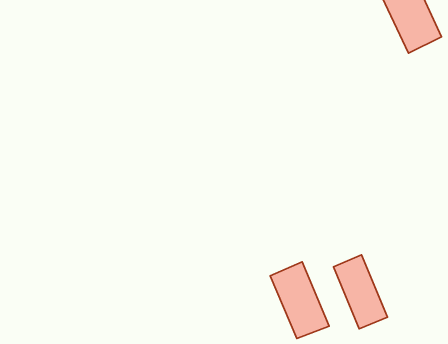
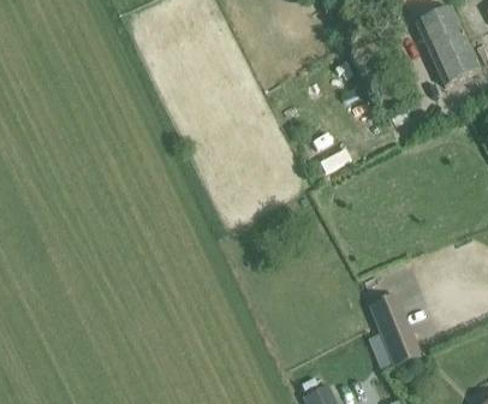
building: [270,262,329,338] -> none

